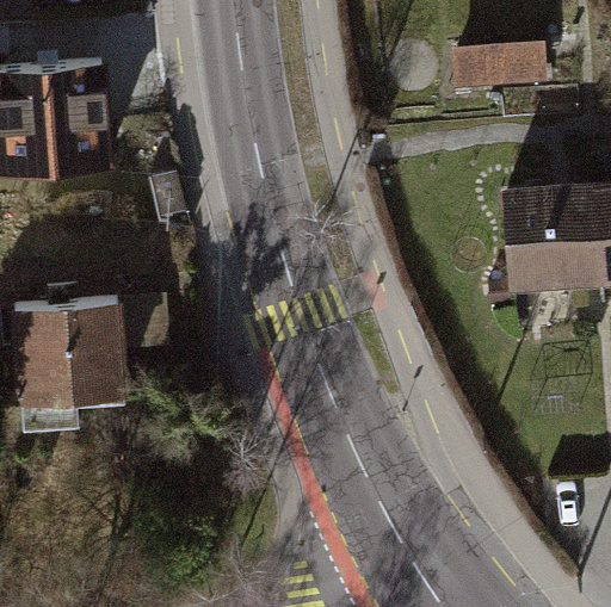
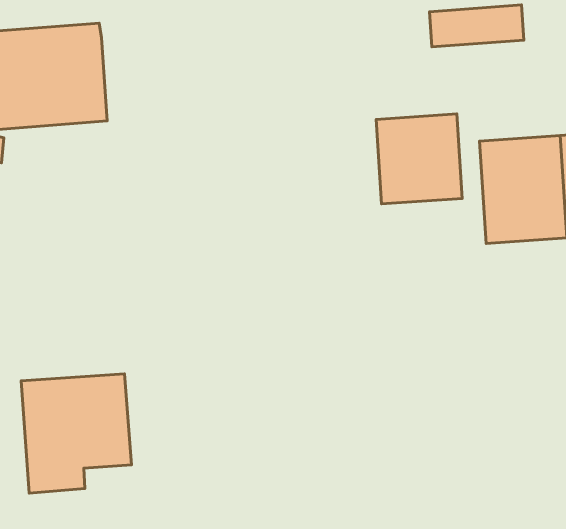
building: none -> [376,114,462,204]
building: [12,303,128,428] -> [21,374,131,493]

